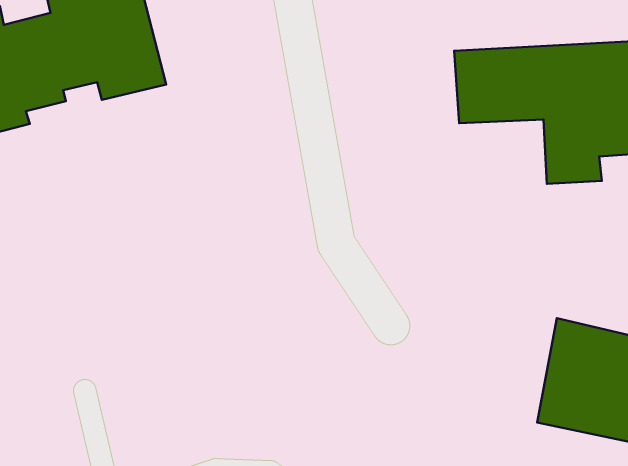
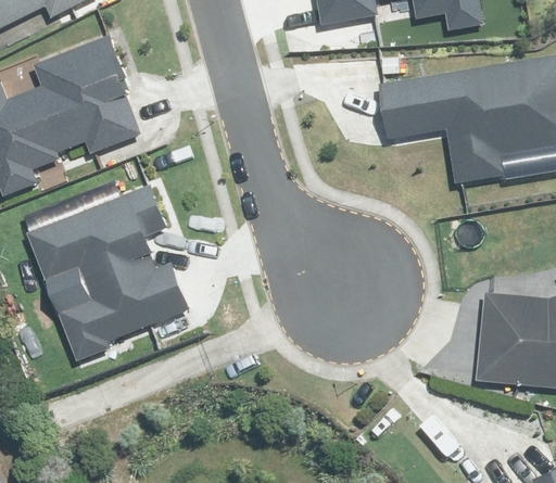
building: none -> [26,182,189,361]

